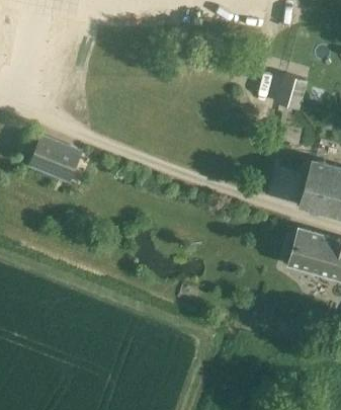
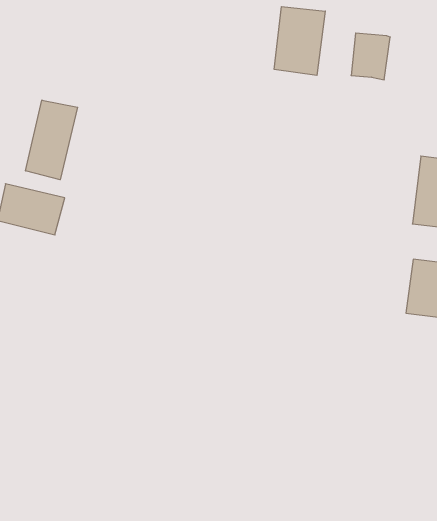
building: none -> [274,7,325,75]
building: none -> [26,100,78,180]

